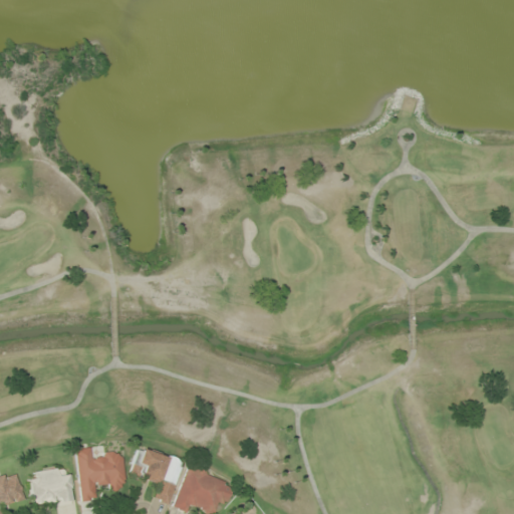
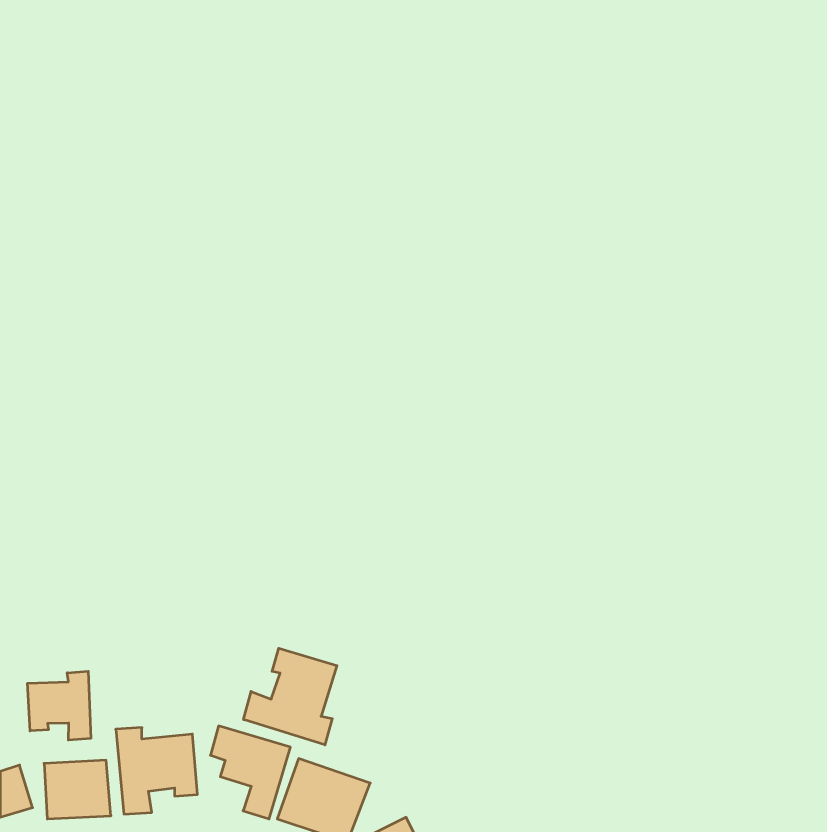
building: none -> [244,648,337,745]
building: none -> [28,671,91,740]

